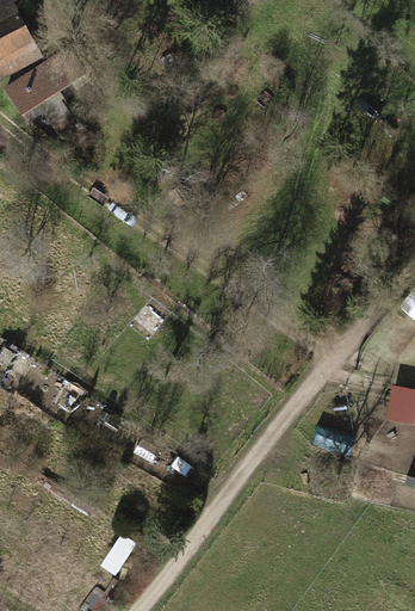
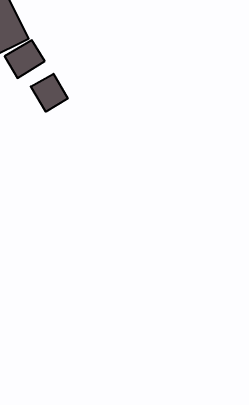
building: none -> [31,74,68,112]

